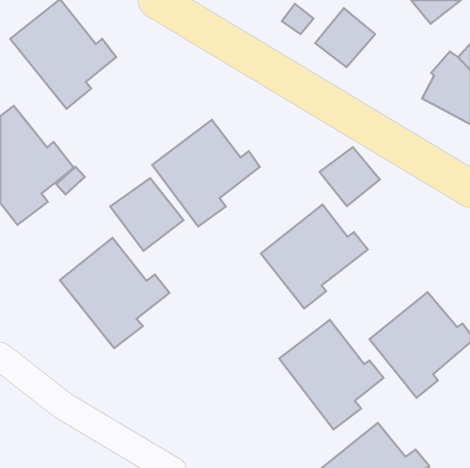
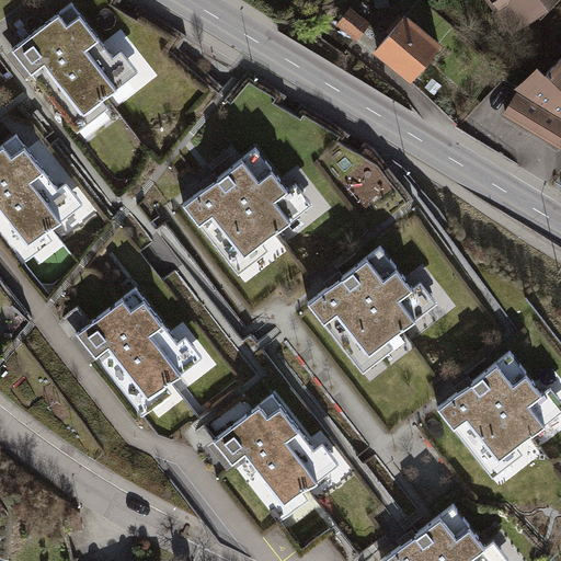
building: [320,147,380,206] -> none
building: [110,178,184,251] -> none
building: [279,320,383,430] -> [213,392,336,523]

